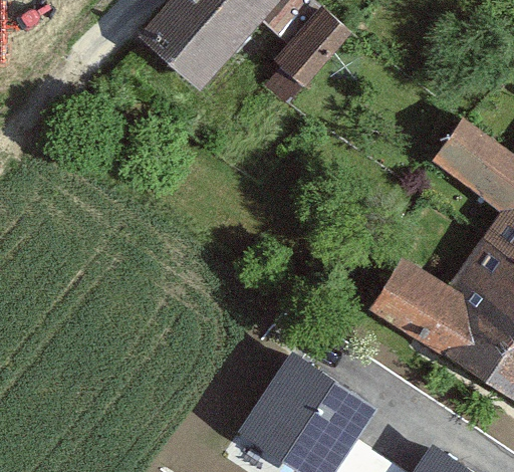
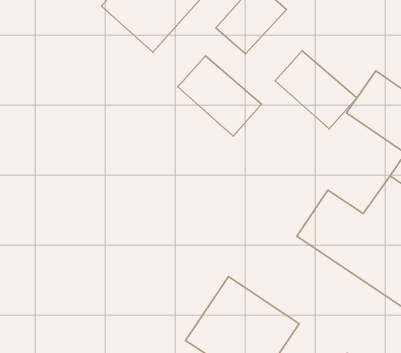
building: none -> [275,51,357,129]
building: none -> [178,56,262,136]

